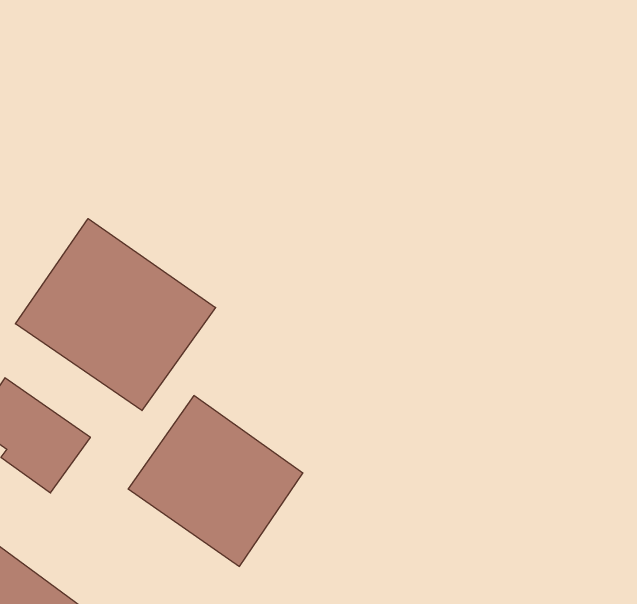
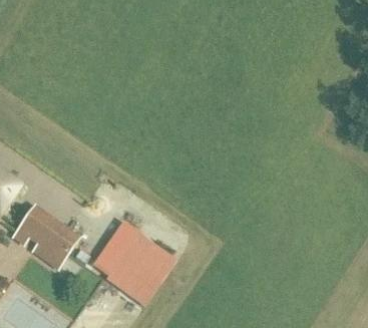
building: [15,219,216,411] -> none

